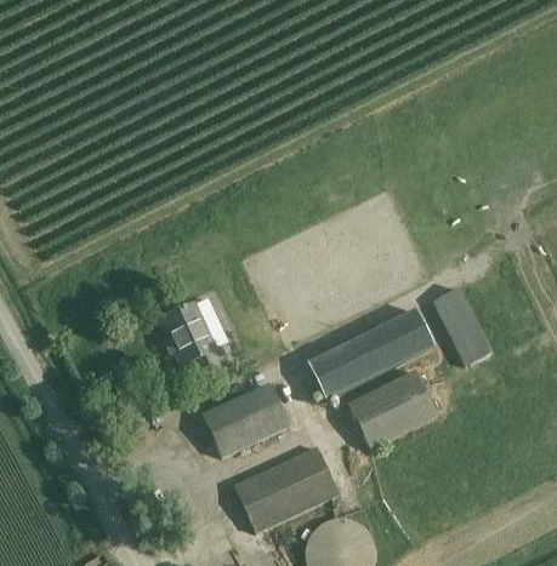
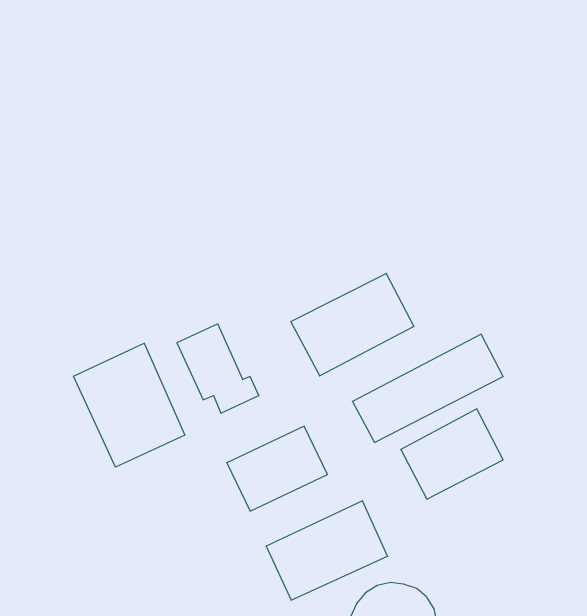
building: none -> [291,273,414,376]
building: [432,286,490,367] -> none
building: none -> [73,343,185,467]

